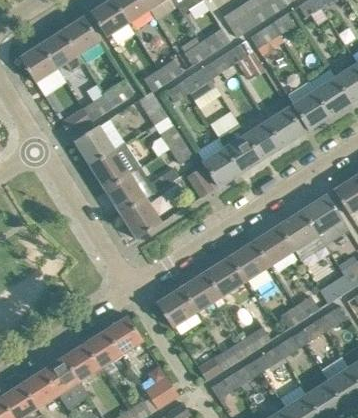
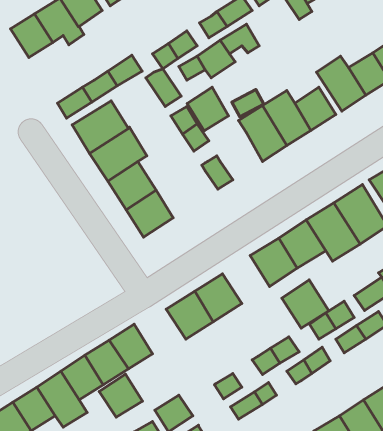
building: [225,40,265,76] -> none
building: [203,148,239,186] -> [187,87,228,131]
building: [204,255,245,297] -> [282,280,329,328]
building: none -> [99,374,143,417]

